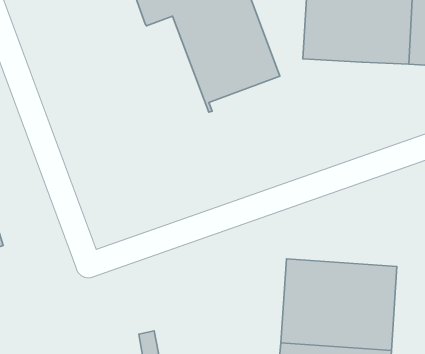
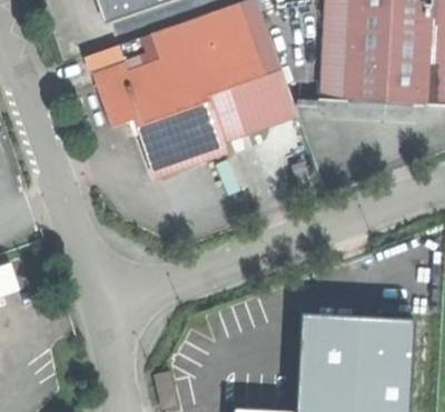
building: none -> [88,47,225,177]

